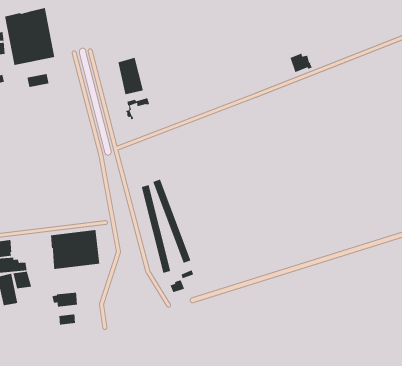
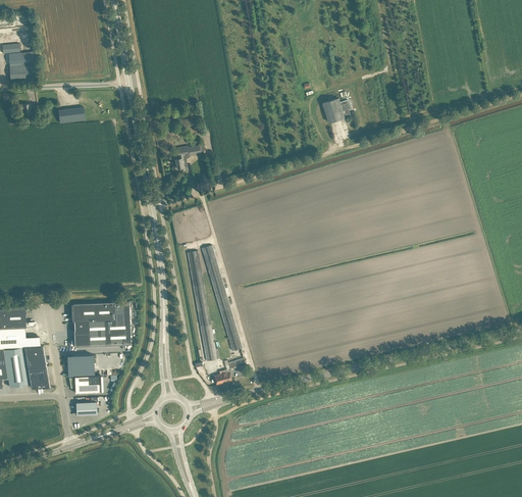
building: [4,7,55,66] -> none
building: [289,53,313,73] -> [323,97,351,121]
building: [117,57,144,95] -> none
building: none -> [66,354,93,376]
building: none -> [27,365,49,387]

